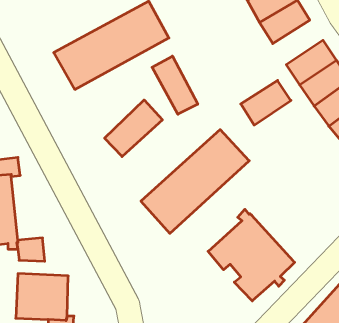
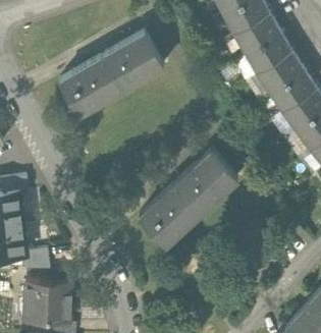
building: [152,56,198,114] -> none
building: [241,80,291,125] -> [258,53,304,94]
building: [105,100,162,157] -> none
building: [208,209,295,301] -> none

